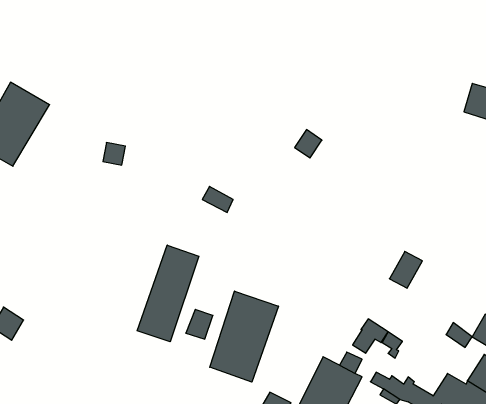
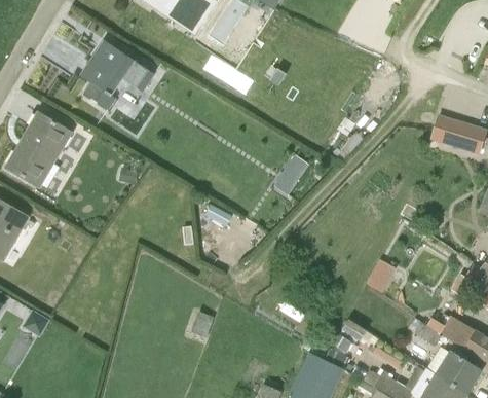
building: none -> [80,49,154,109]
building: [137,245,199,342] -> none
building: [210,291,278,382] -> none

